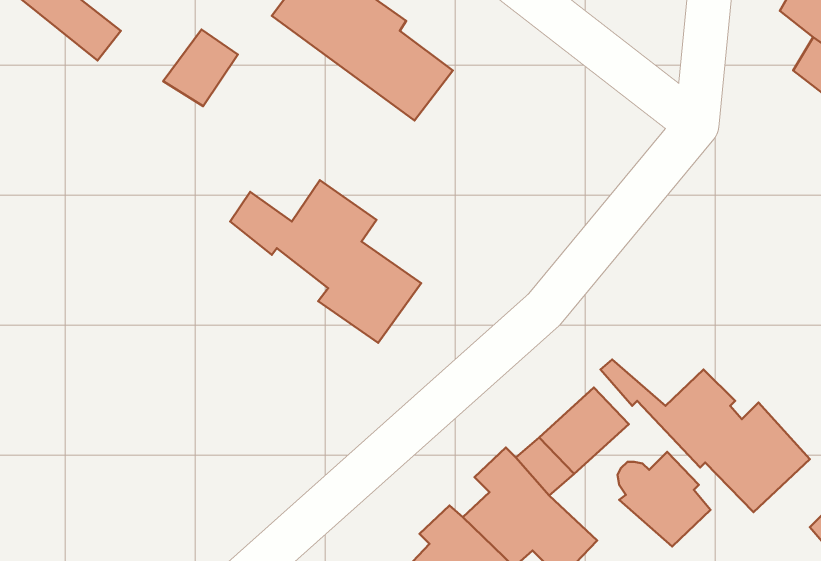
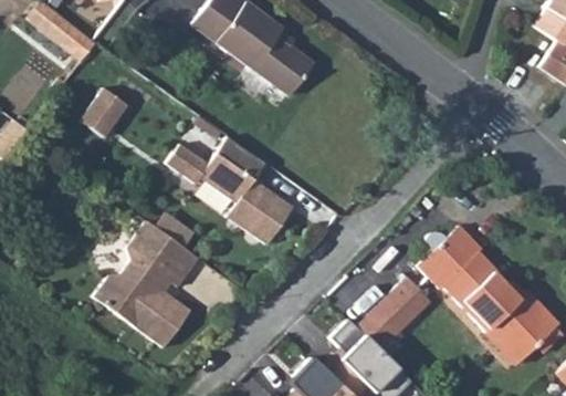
building: [163,30,238,106] -> [82,86,132,137]
building: none -> [93,221,199,346]
building: [618,452,711,546] -> [422,226,484,289]

